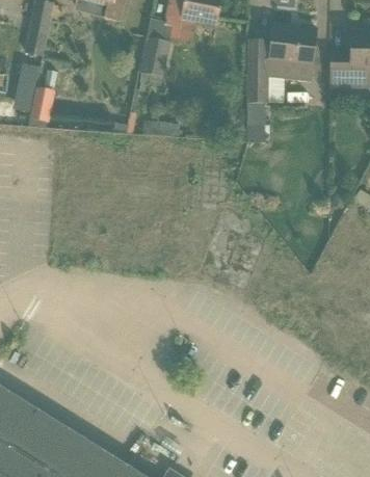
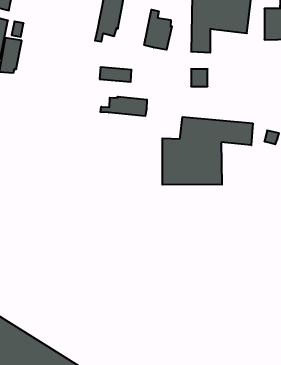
building: none -> [144,10,172,50]
building: none -> [100,97,147,116]
building: none -> [162,117,253,185]

